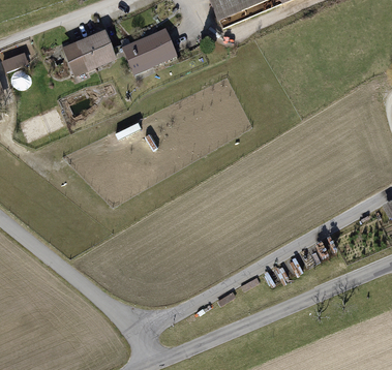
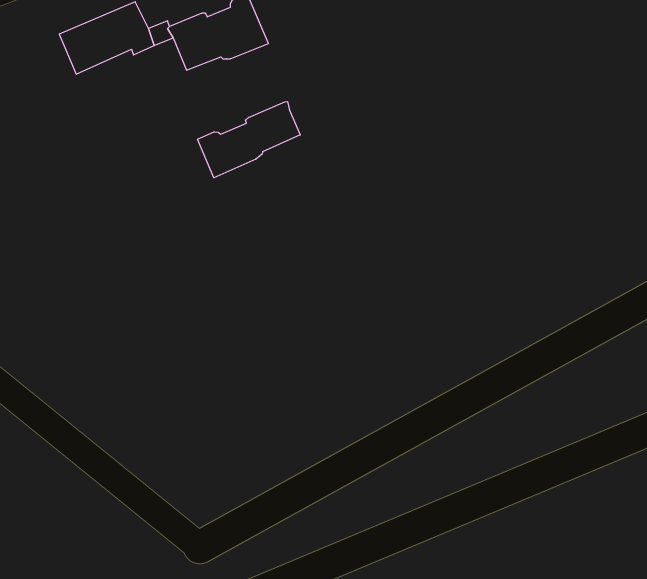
building: none -> [197,102,300,178]

